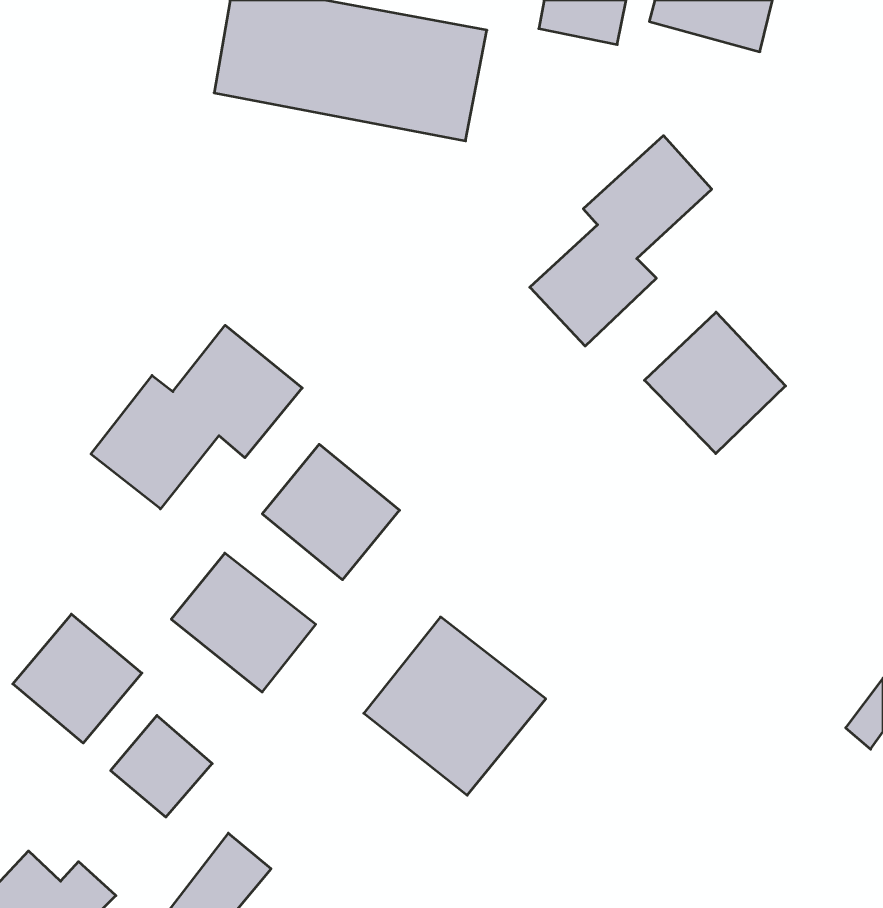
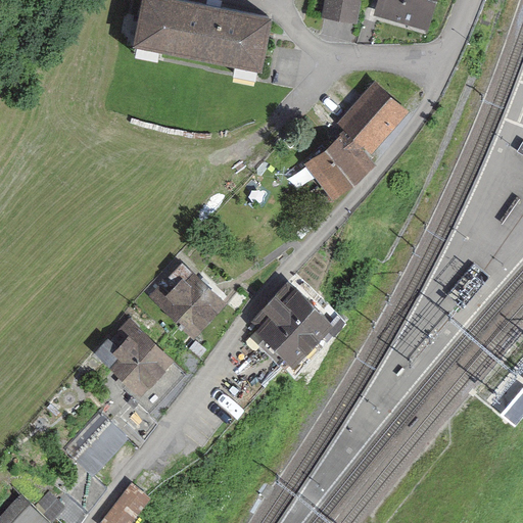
building: [644,312,786,454] -> none
building: [91,325,302,509] -> none
building: [13,614,142,743] -> none
building: [364,617,546,795] -> [244,271,348,373]

